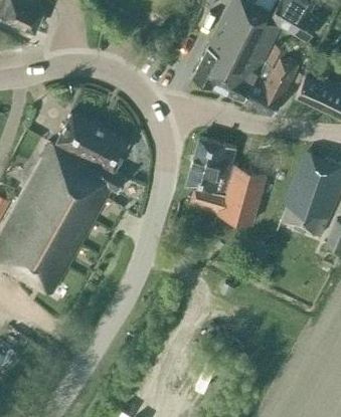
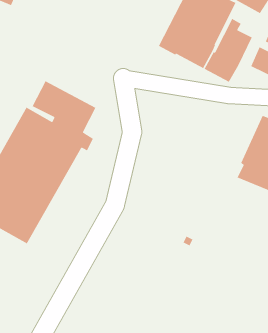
building: [186,137,268,222] -> none

